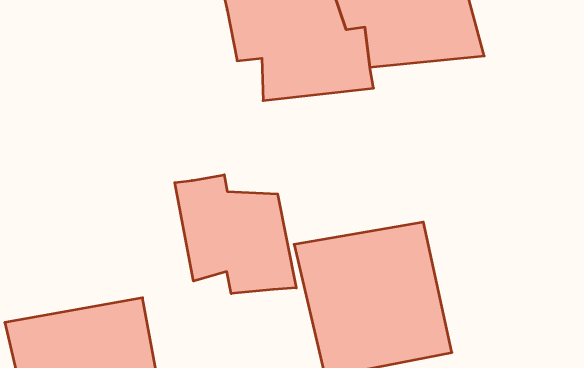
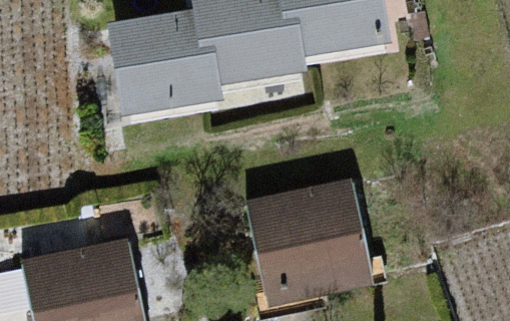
building: none -> [105,9,223,120]
building: [175,175,296,294] -> none

